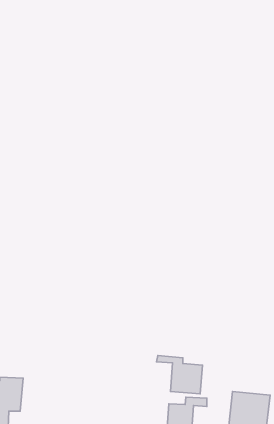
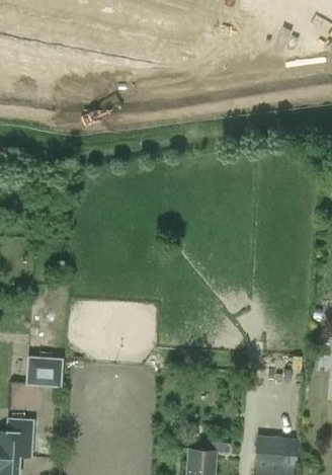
building: none -> [25,355,63,387]
building: [157,355,202,394] -> none

